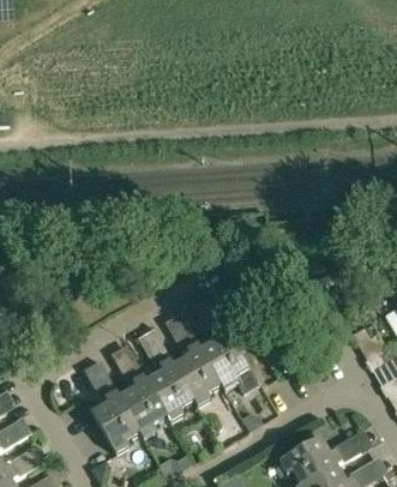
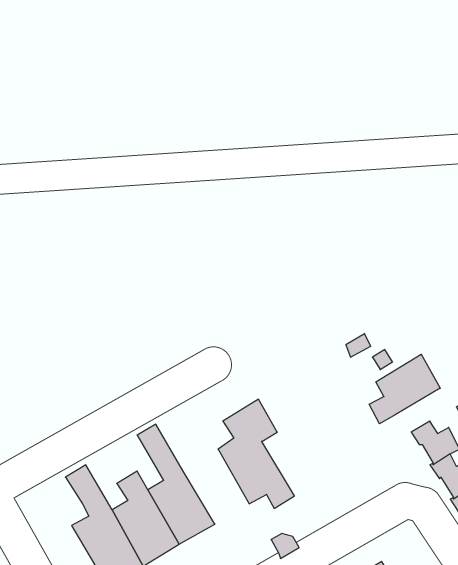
building: none -> [369,354,440,424]
building: [166,312,225,404] -> none

